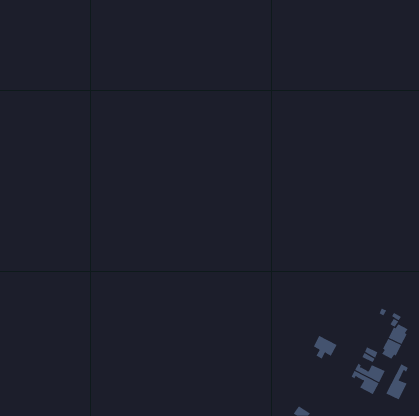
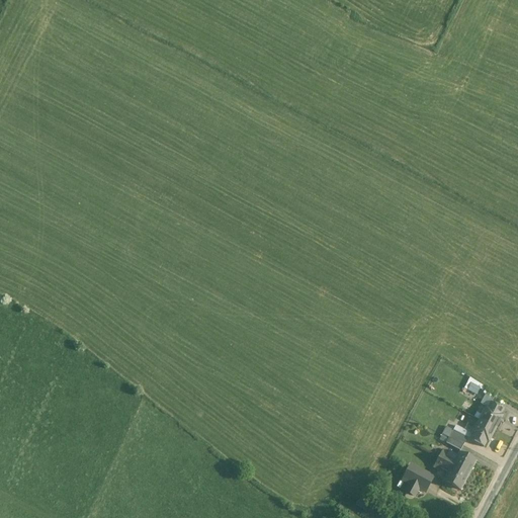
building: [313,335,338,360] -> [403,463,433,494]
building: [385,364,408,400] -> none

